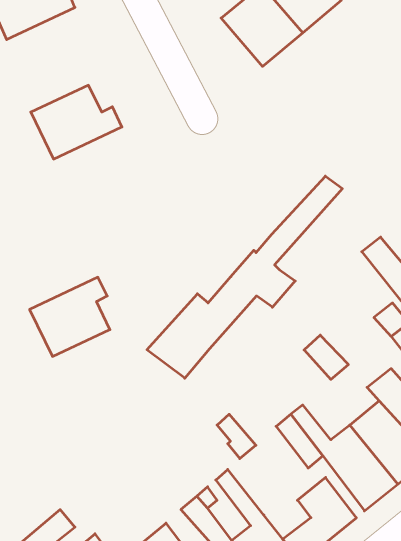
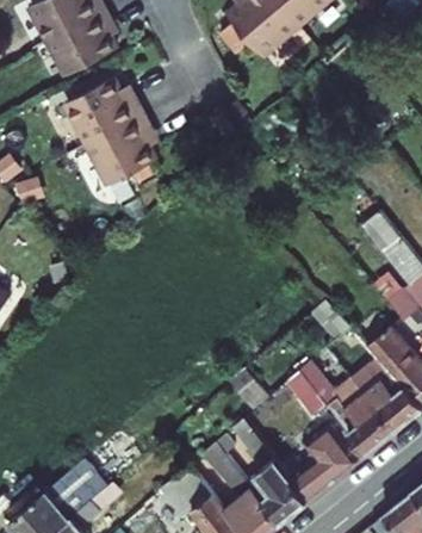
building: none -> [45,8,116,79]
building: [147,176,342,378] -> none
building: [30,277,110,356] -> [87,114,159,185]

